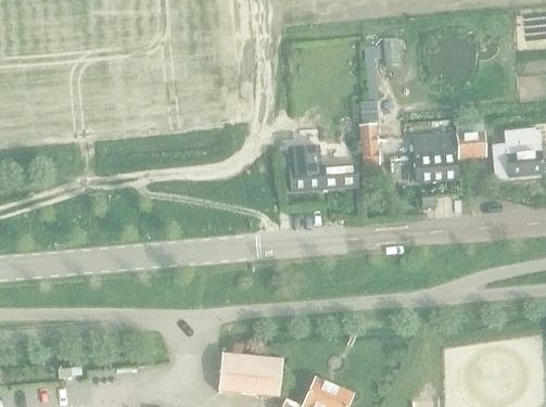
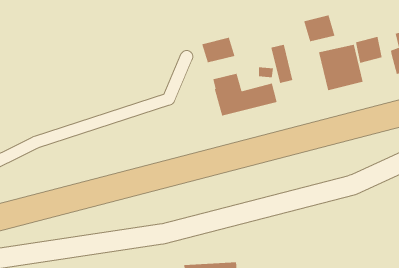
building: none -> [304,15,335,42]
building: none -> [202,37,235,63]

